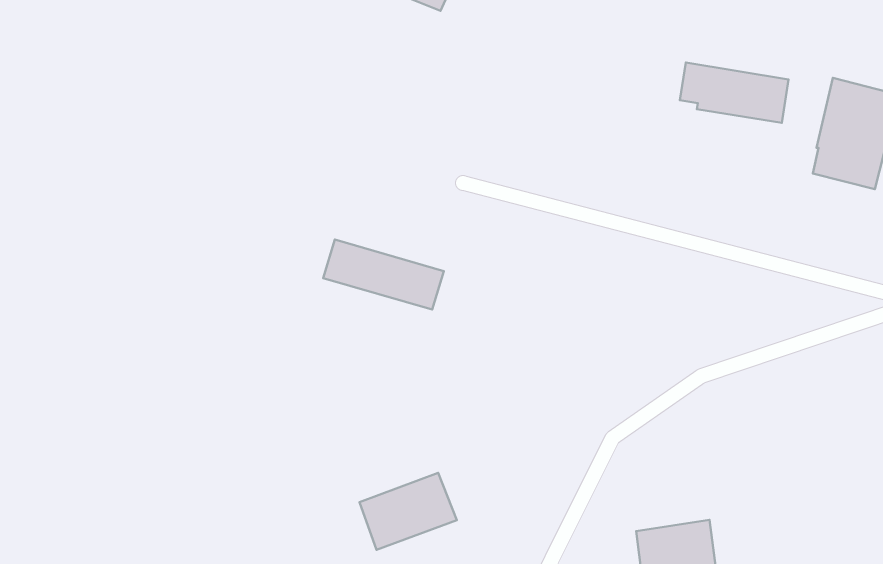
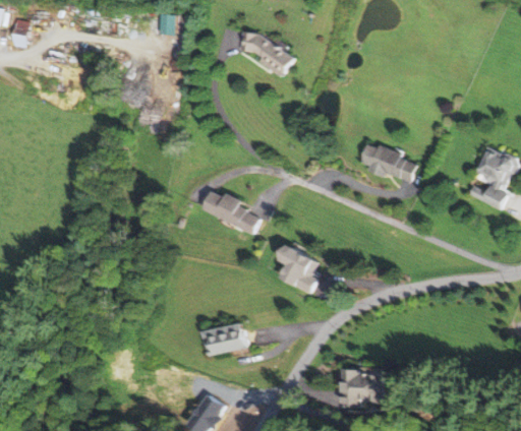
building: [680,62,789,123] -> [359,142,418,182]
building: none -> [272,244,317,294]

